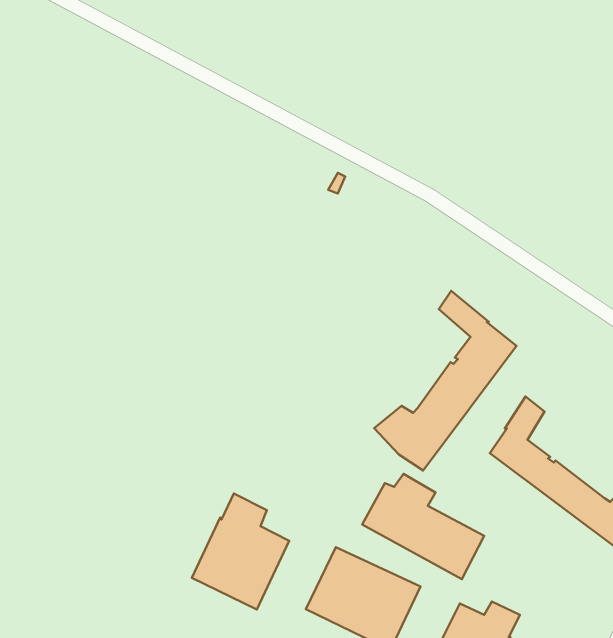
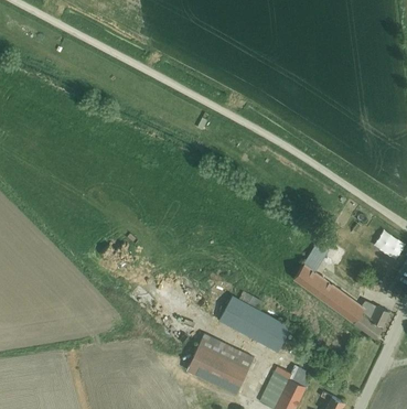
building: [374,291,517,471] -> none
building: [192,494,289,609] -> none

